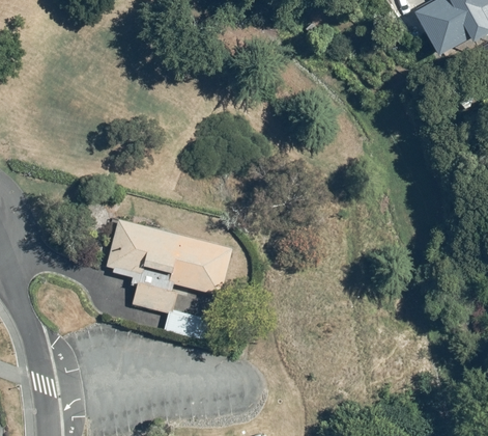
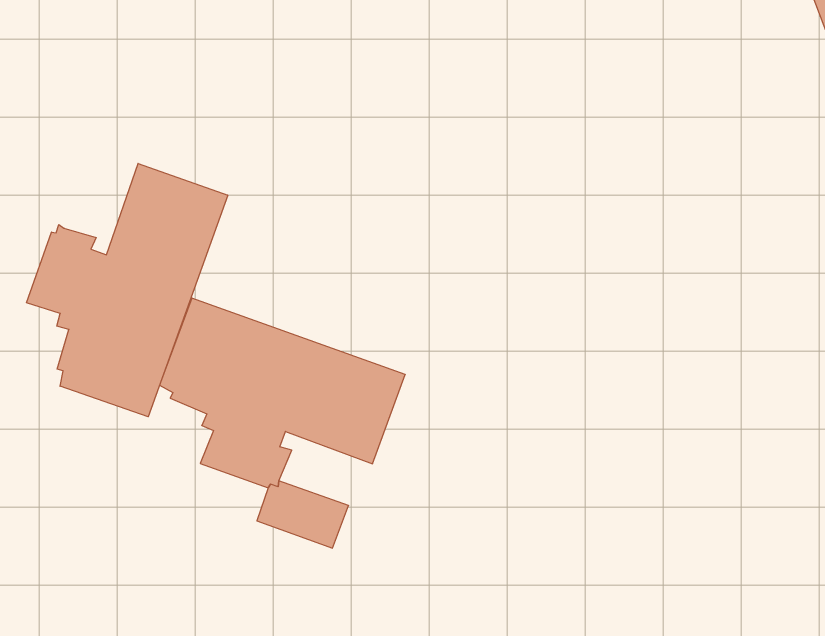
building: none -> [26,163,228,417]

